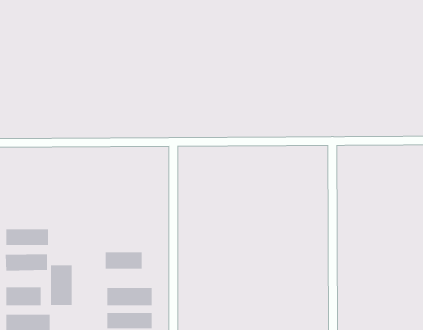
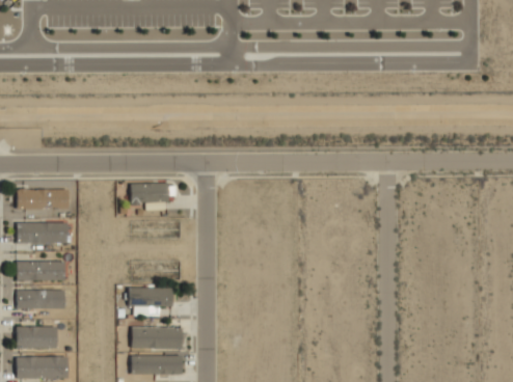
building: none -> [131,183,168,202]
building: none -> [17,188,69,208]
building: none -> [17,221,66,241]
building: [50,265,72,306] -> none

